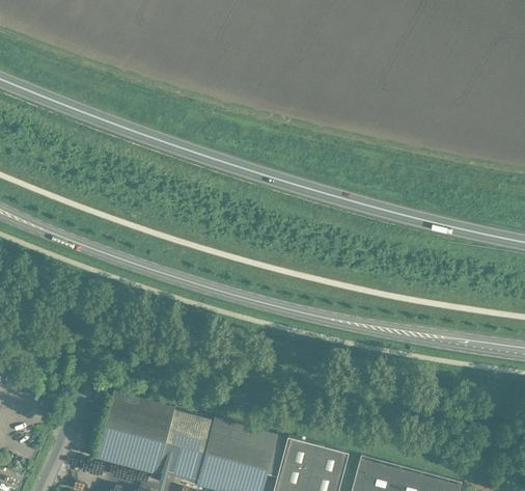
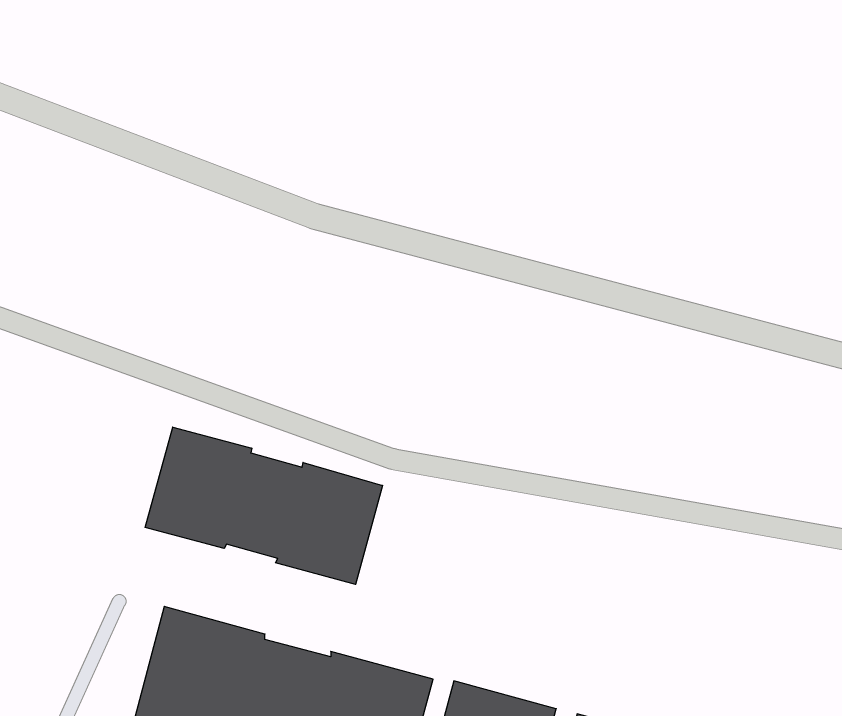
building: none -> [145,427,383,584]

